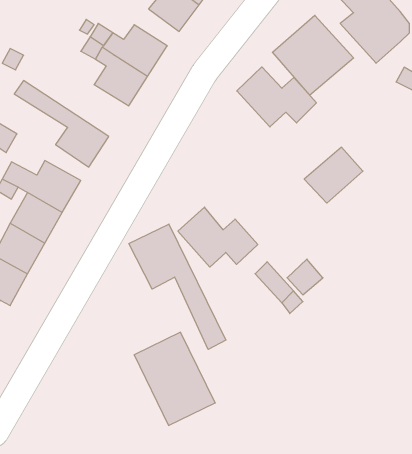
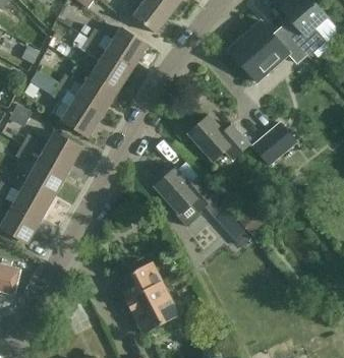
building: [237,67,316,127] -> [188,116,249,162]
building: none -> [37,70,117,114]
building: [129,224,226,349] -> none

